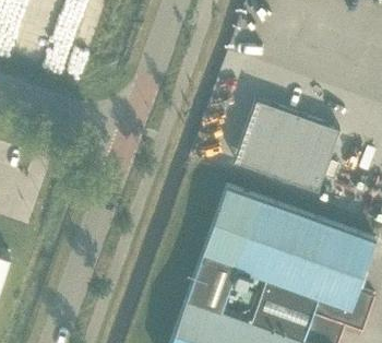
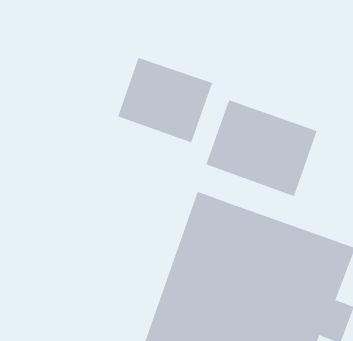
building: none -> [118,57,213,143]

